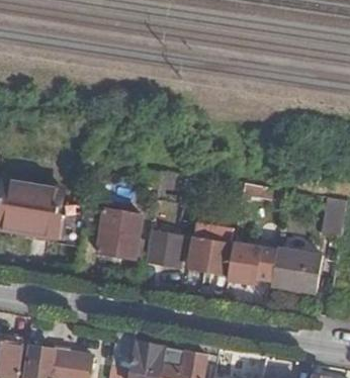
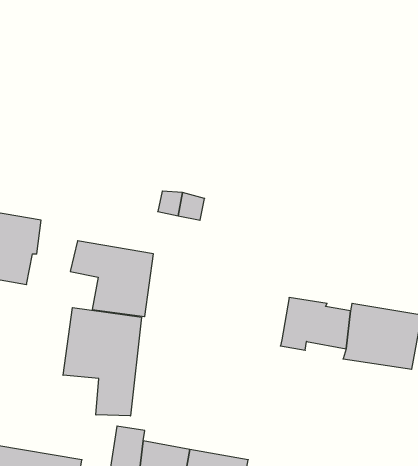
building: [150,230,186,265] -> none
building: [188,238,235,273] -> none
building: none -> [63,308,141,416]

